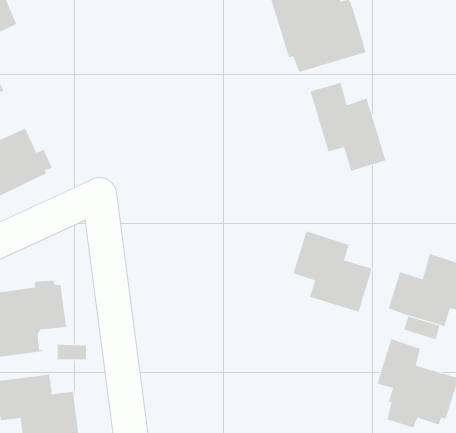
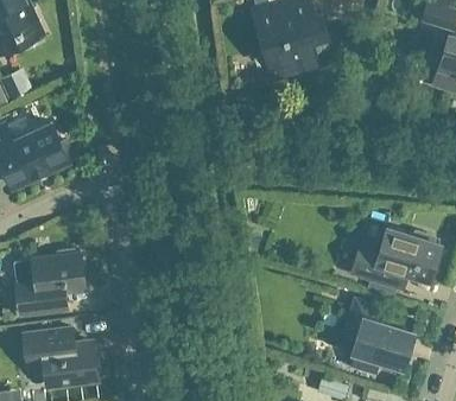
building: [310,82,386,172] -> none
building: [293,231,372,313] -> none

